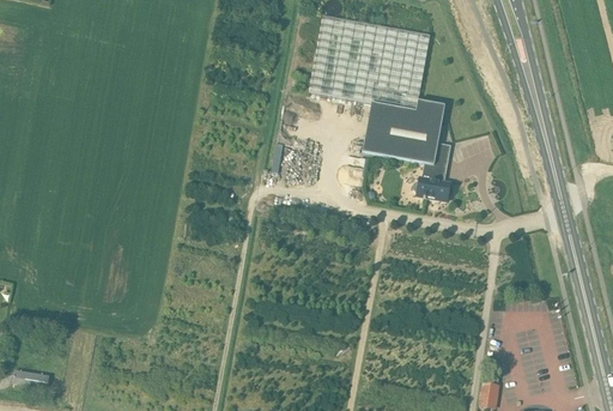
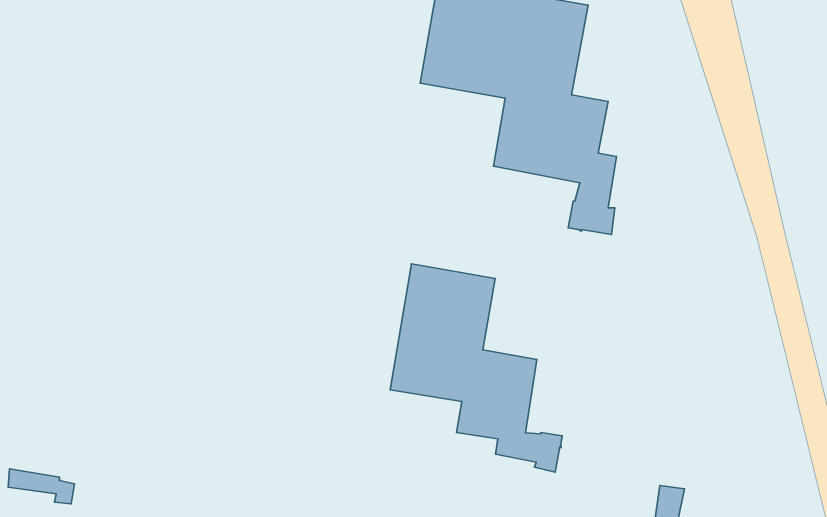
building: none -> [390,264,562,472]

